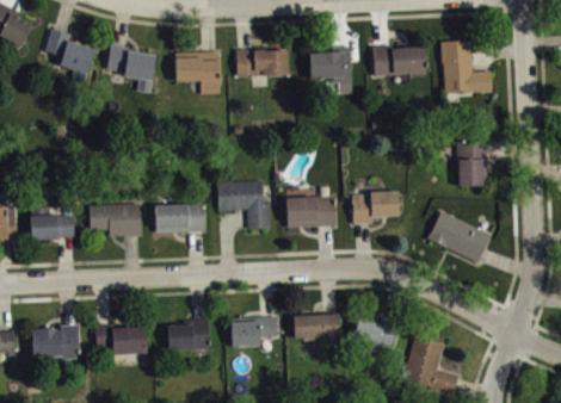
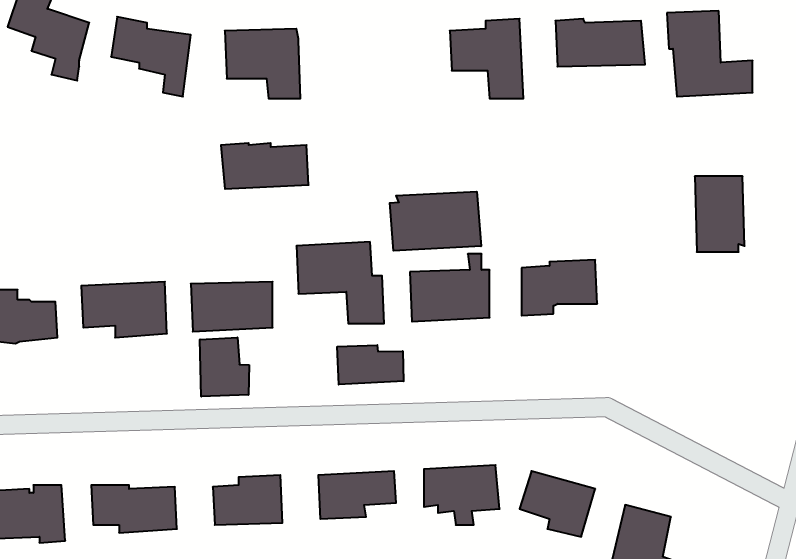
building: [235,49,288,76] -> [221,143,309,189]
building: none -> [390,192,481,251]
building: [427,210,489,262] -> none
building: none -> [200,337,249,397]
building: none -> [337,345,404,385]

